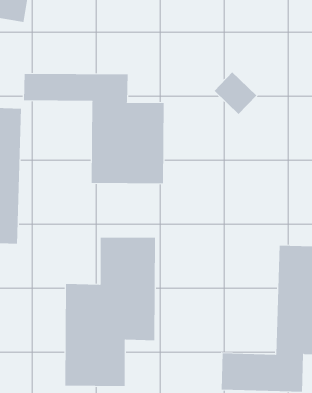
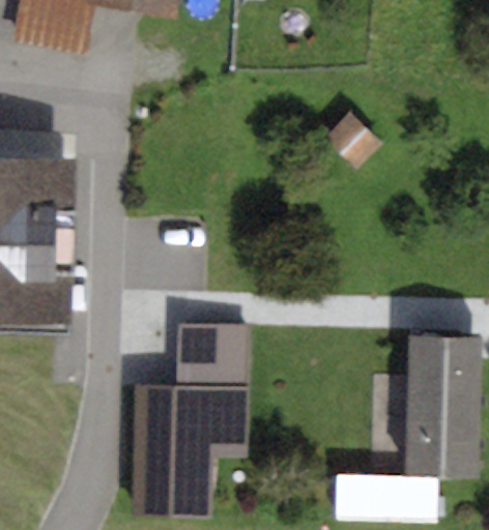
building: [24,73,164,184] -> none

